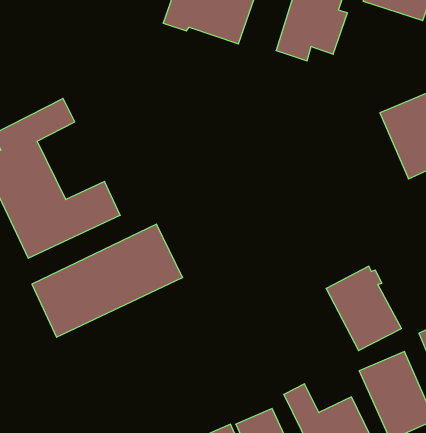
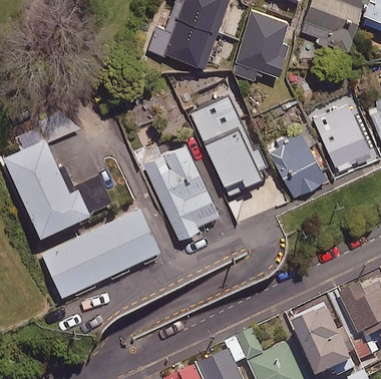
building: none -> [192,98,267,196]
building: none -> [140,147,219,241]
building: [326,266,401,351] -> [269,133,327,199]

